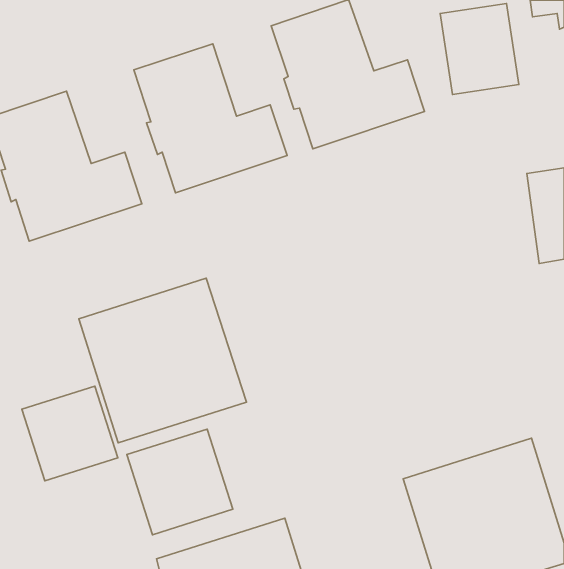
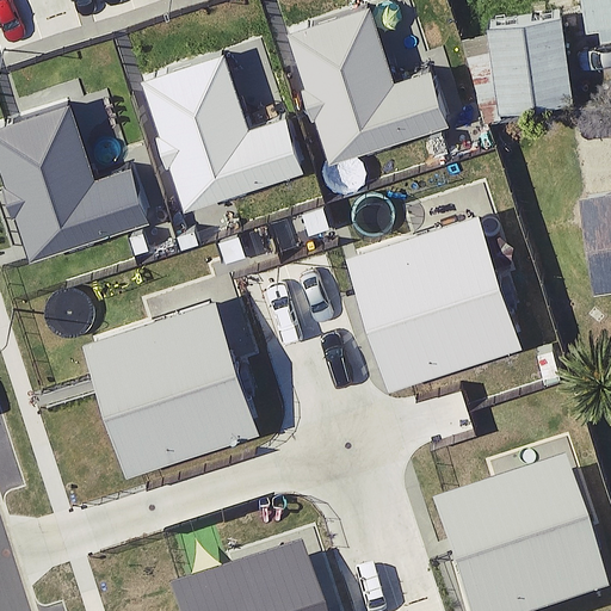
building: none -> [344,216,521,390]
building: [22,386,118,481] -> none
building: [127,429,233,535] -> none

